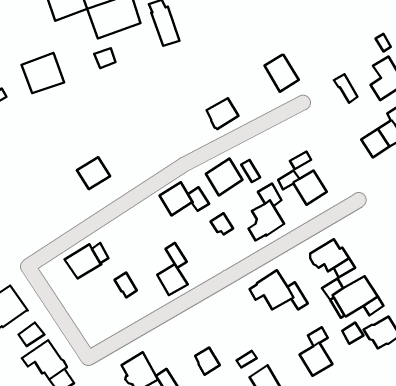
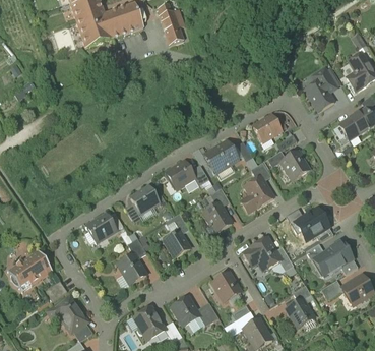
building: [21,53,64,93] -> [76,12,113,47]
building: [264,55,299,92] -> [304,79,333,111]
building: [206,98,238,129] -> [253,115,280,141]
building: [77,157,110,189] -> [130,186,159,214]
building: none -> [202,202,231,232]
building: none -> [117,254,146,285]
building: none -> [211,272,240,301]
building: none -> [171,296,199,326]

